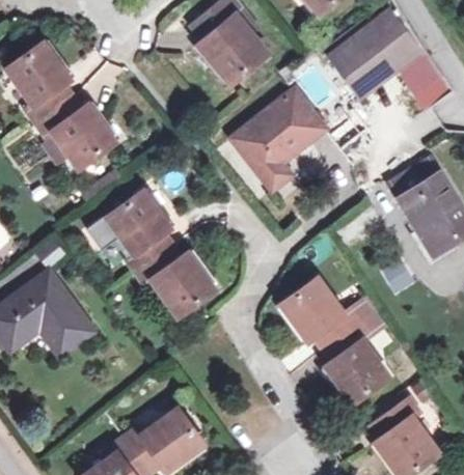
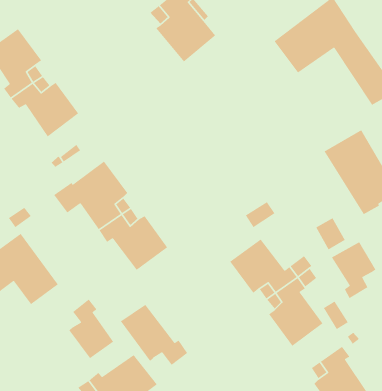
building: [230,90,324,188] -> none
building: none -> [331,241,376,299]
building: none -> [69,299,114,359]
building: none -> [120,304,188,366]

